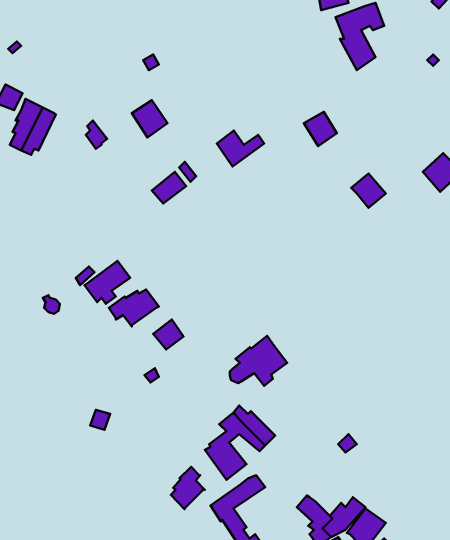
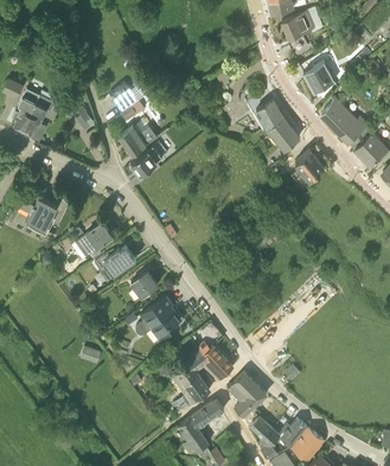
building: none -> [300,53,334,91]
building: none -> [320,98,371,148]
building: [217,131,264,166] -> [120,126,159,155]
building: none -> [268,116,300,148]
building: none -> [19,196,57,230]
building: [230,336,287,386] -> [135,295,183,337]
building: none -> [226,371,267,416]
building: [171,467,205,509] -> none

